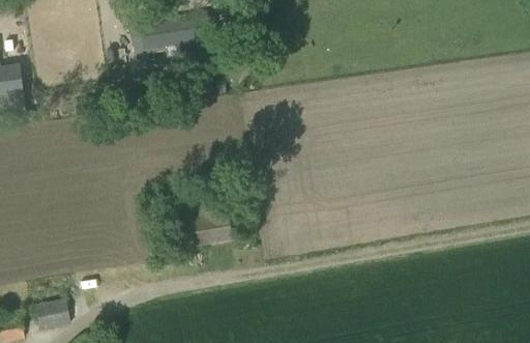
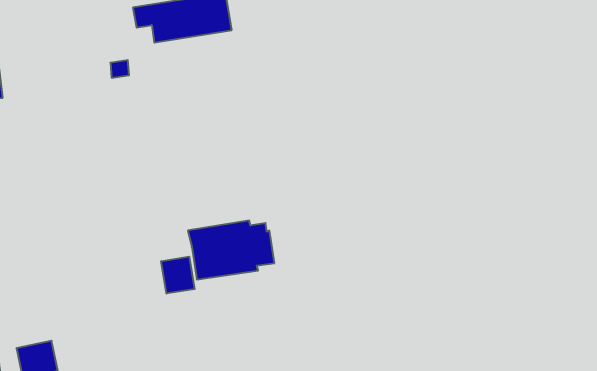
building: none -> [161,257,195,294]

